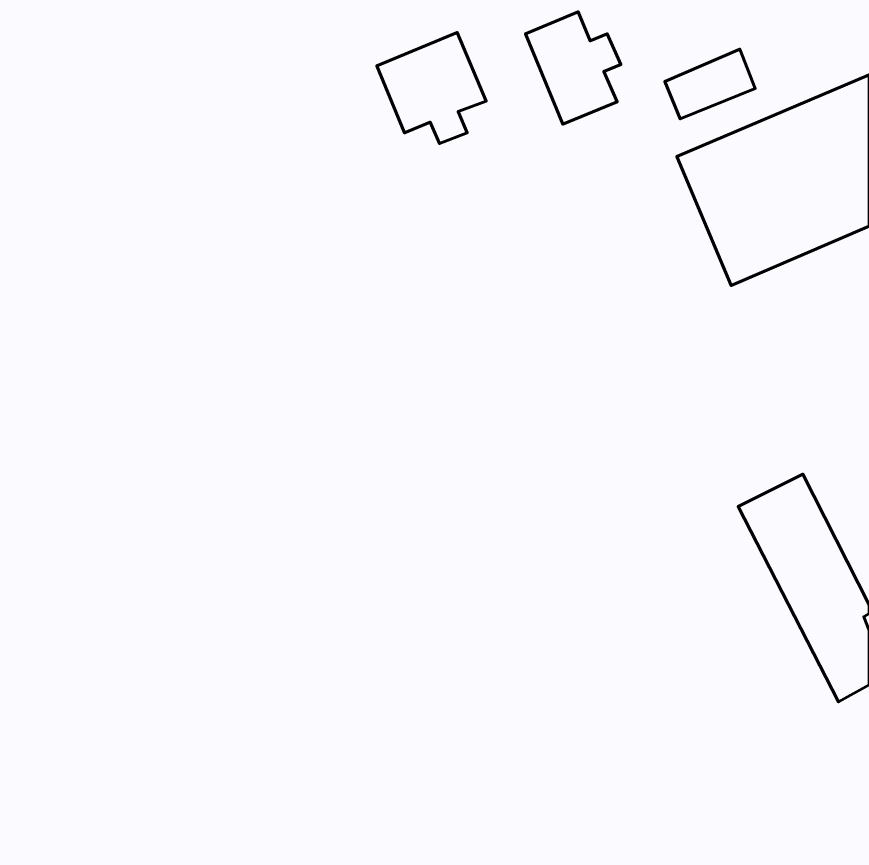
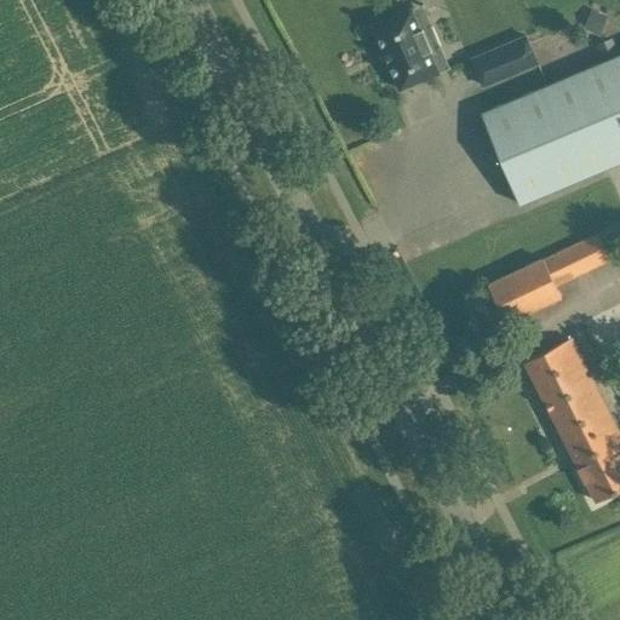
building: [377,32,486,143] -> none
building: none -> [489,235,610,323]

